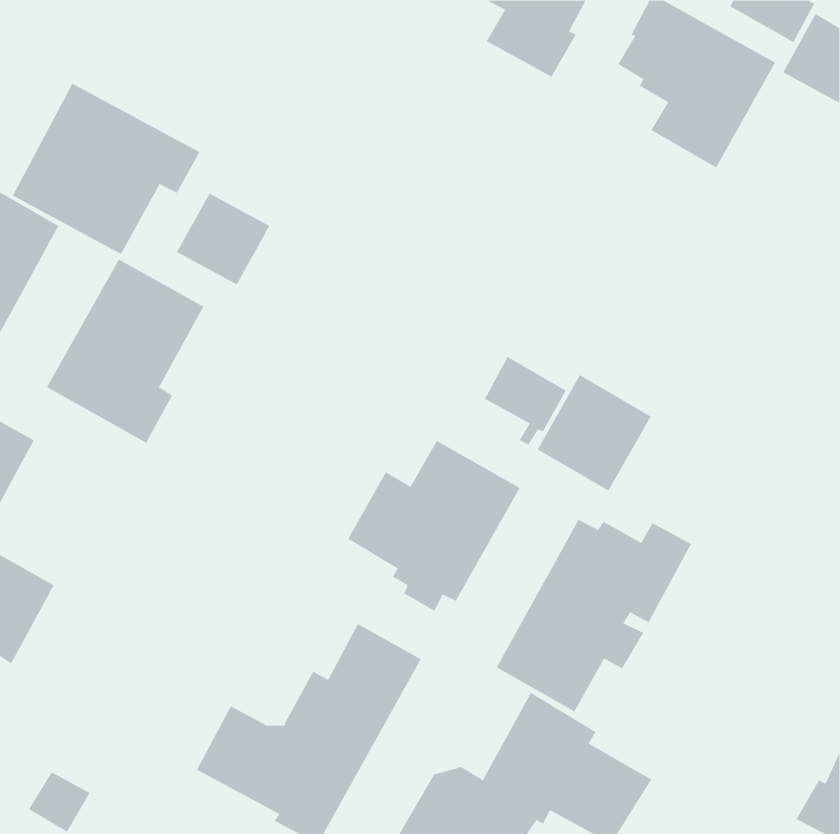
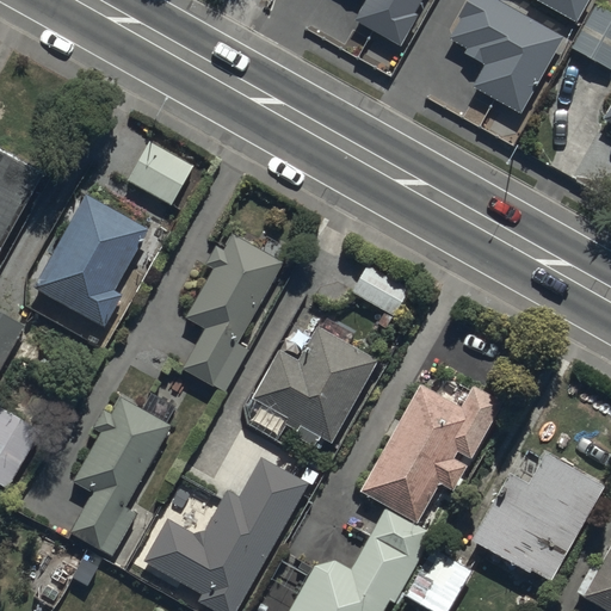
building: [12,83,200,255] -> none
building: none -> [184,233,286,391]
building: [537,374,651,491] -> none
building: none -> [69,396,173,557]
building: none -> [473,450,604,578]

